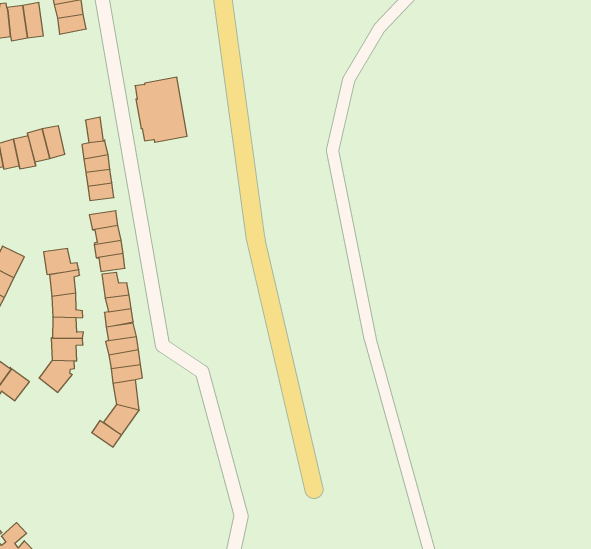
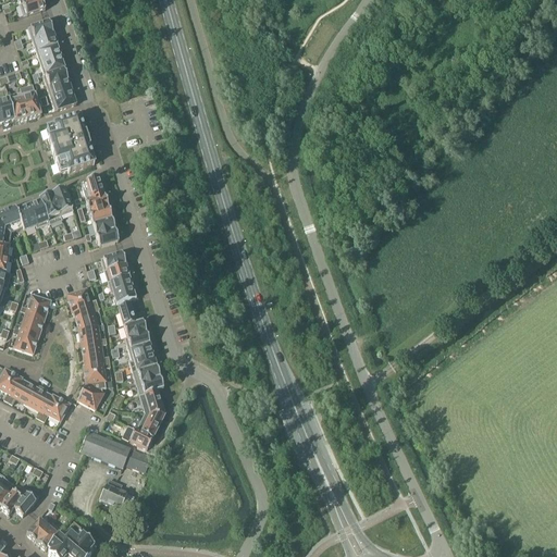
building: [135,77,187,142] -> [46,114,95,171]
building: none -> [81,430,151,470]
building: none -> [100,478,127,507]

